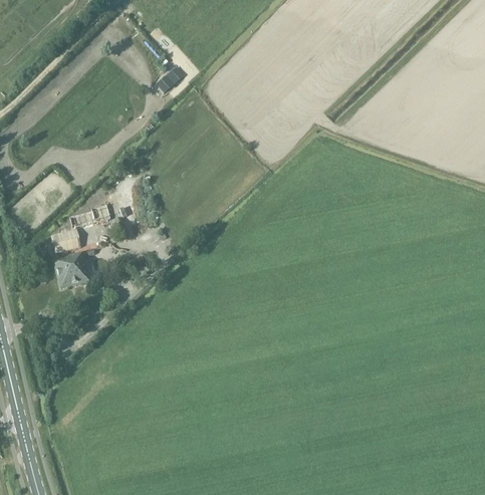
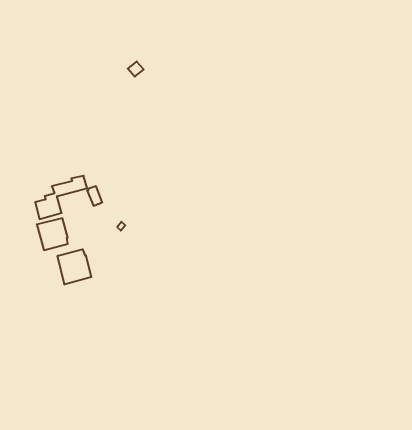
building: none -> [58,249,91,285]

